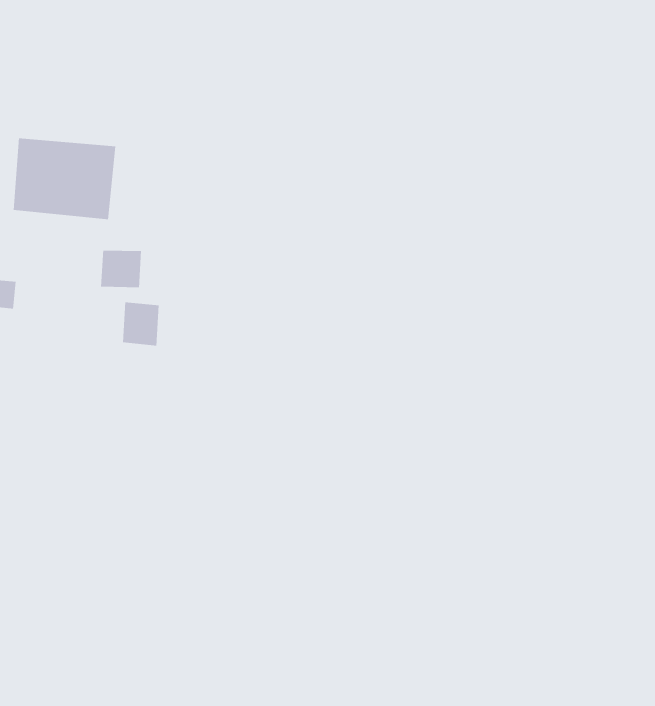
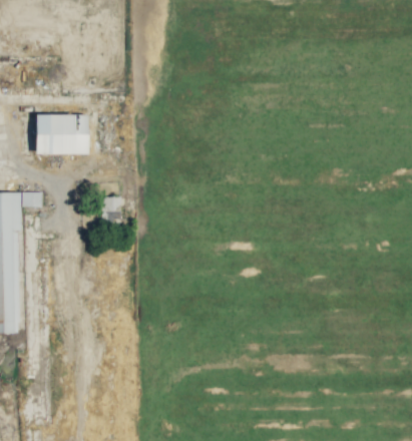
building: [101,250,142,288] -> none

